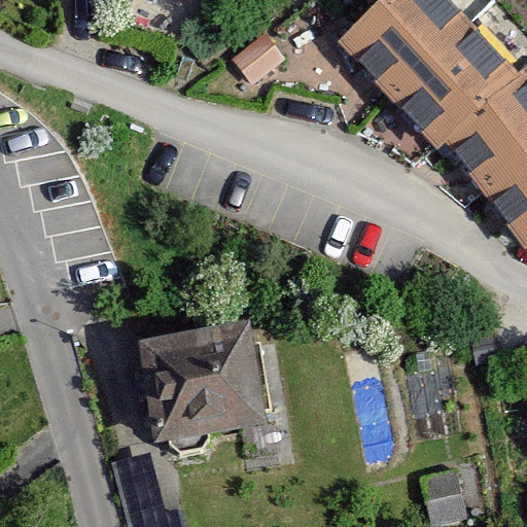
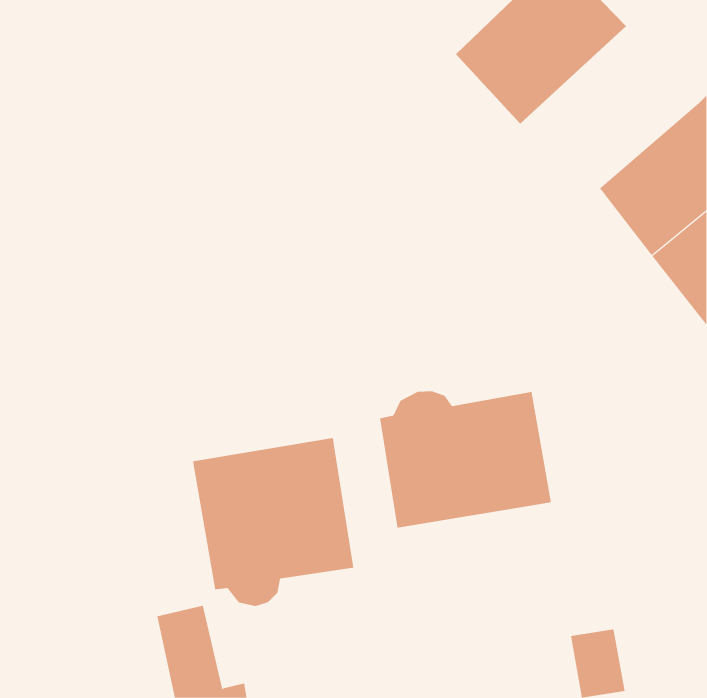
building: [387,20,520,147] -> none
building: none -> [380,391,551,528]

